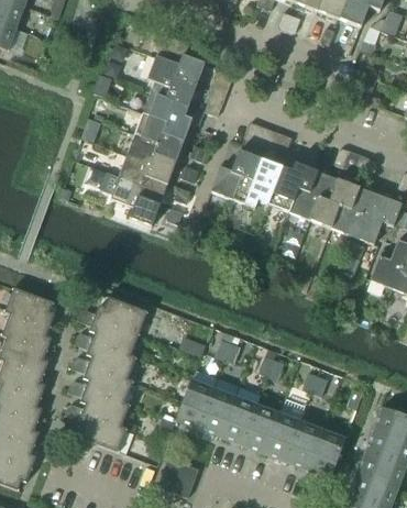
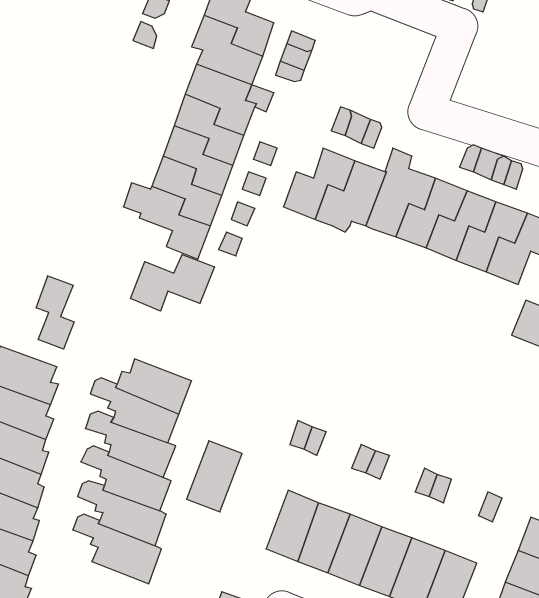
building: none -> [130,254,214,311]
building: none -> [36,276,74,349]
building: [176,378,215,428] -> [187,441,242,512]

